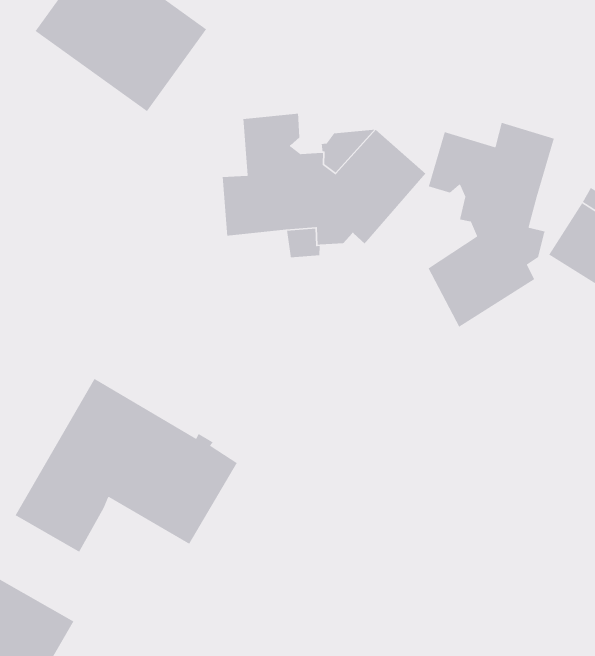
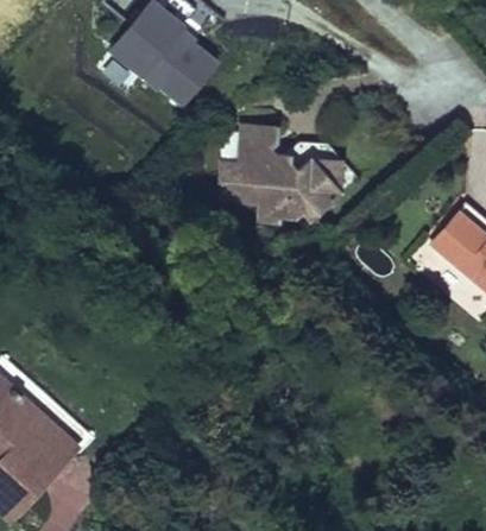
building: [428,122,555,328] -> none
building: [15,378,238,553] -> none

